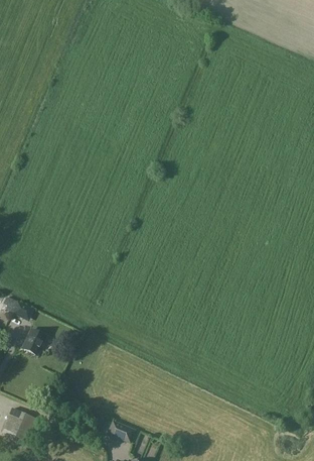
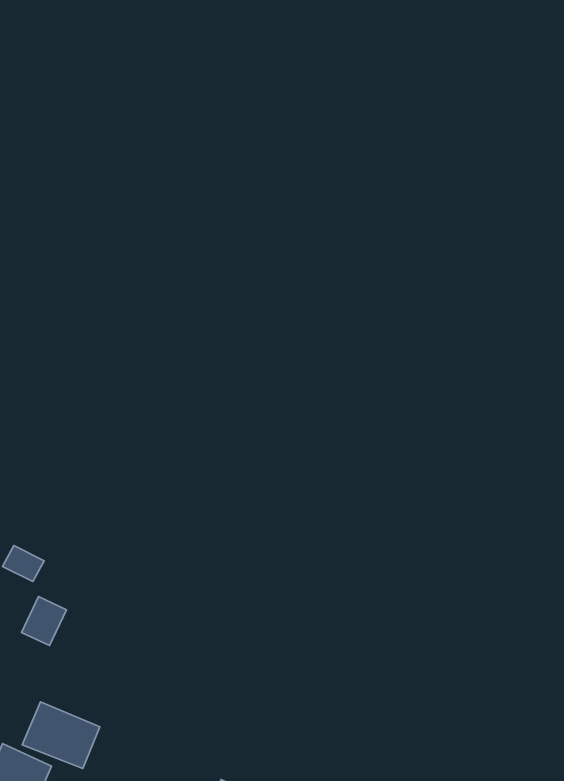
building: none -> [22,702,100,769]

